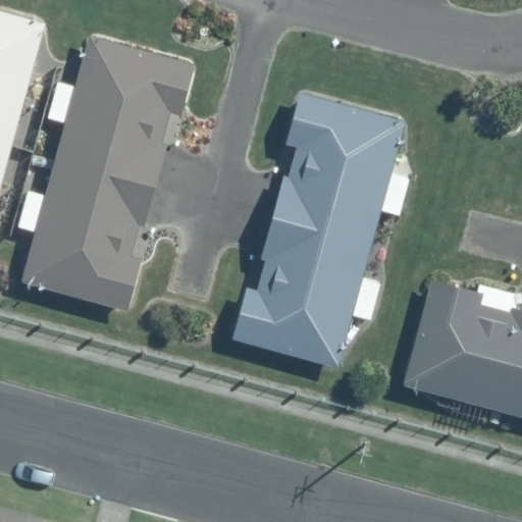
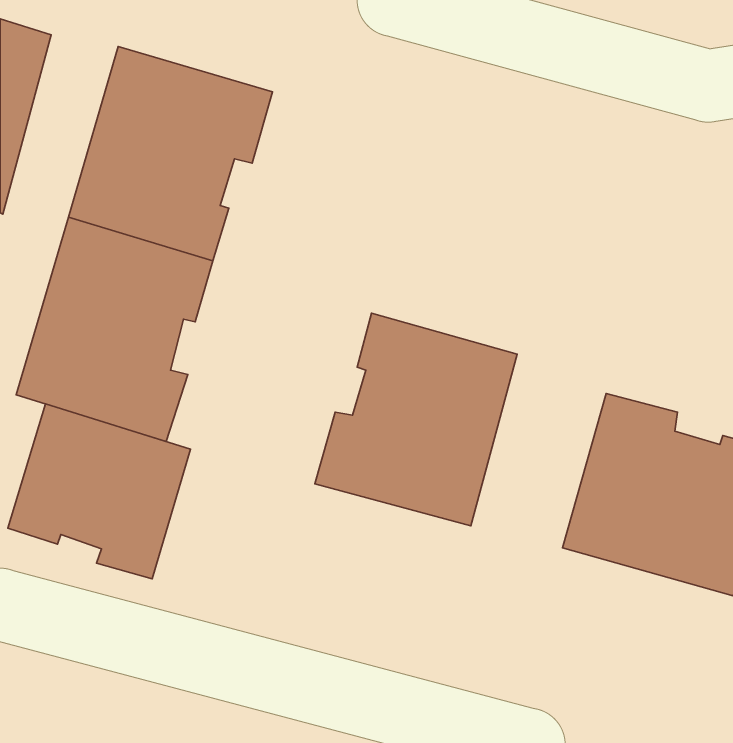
building: [268,94,404,249] -> none
building: none -> [8,404,191,579]

